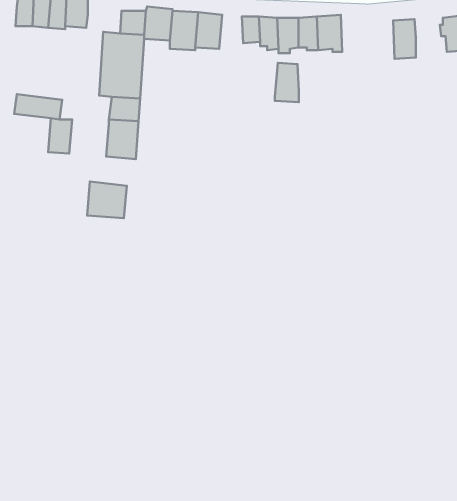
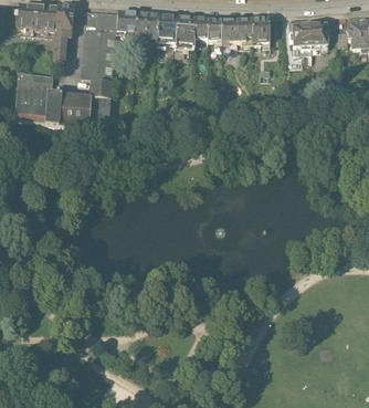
building: none -> [291,21,310,55]
building: none -> [51,25,70,59]
building: [275,63,299,102] -> [173,17,192,48]
building: none -> [10,94,42,124]
building: [87,182,127,218] -> [56,98,87,127]

